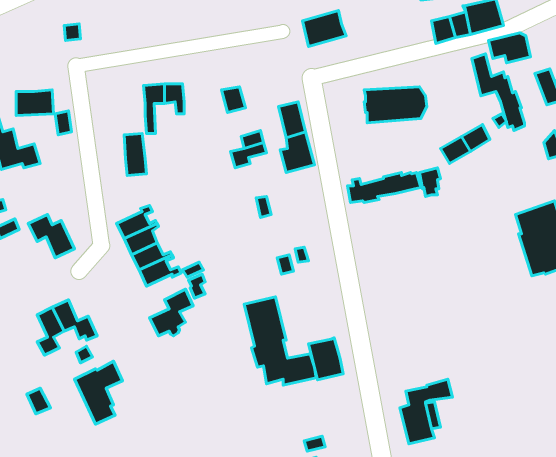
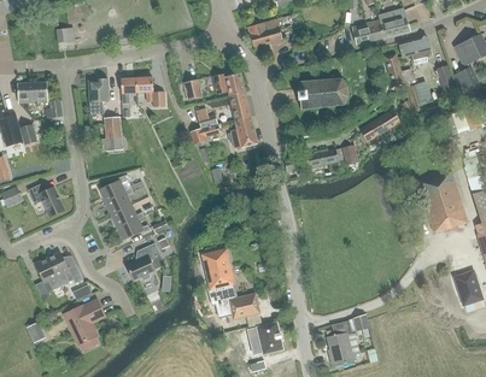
building: none -> [212,71,245,94]
building: none -> [88,78,109,112]
building: [309,338,343,380] -> [256,319,283,353]

